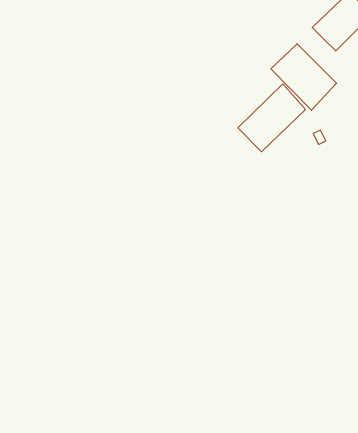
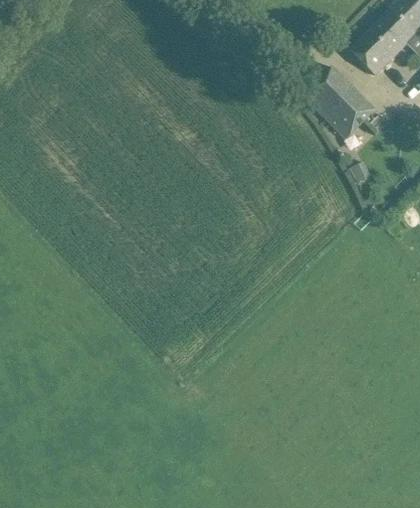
building: [238,84,305,152] -> none

